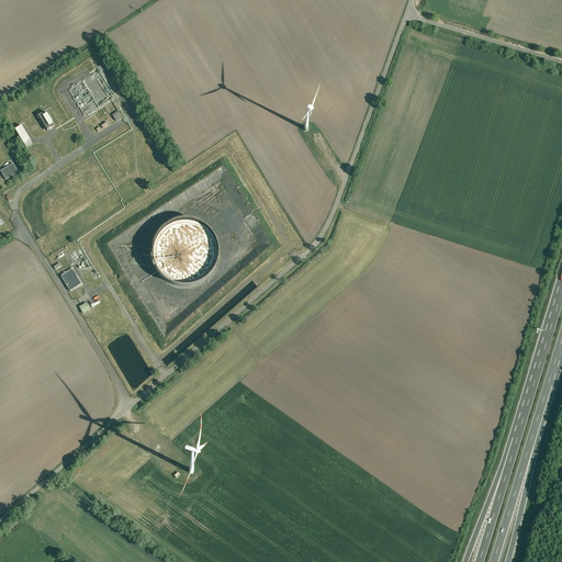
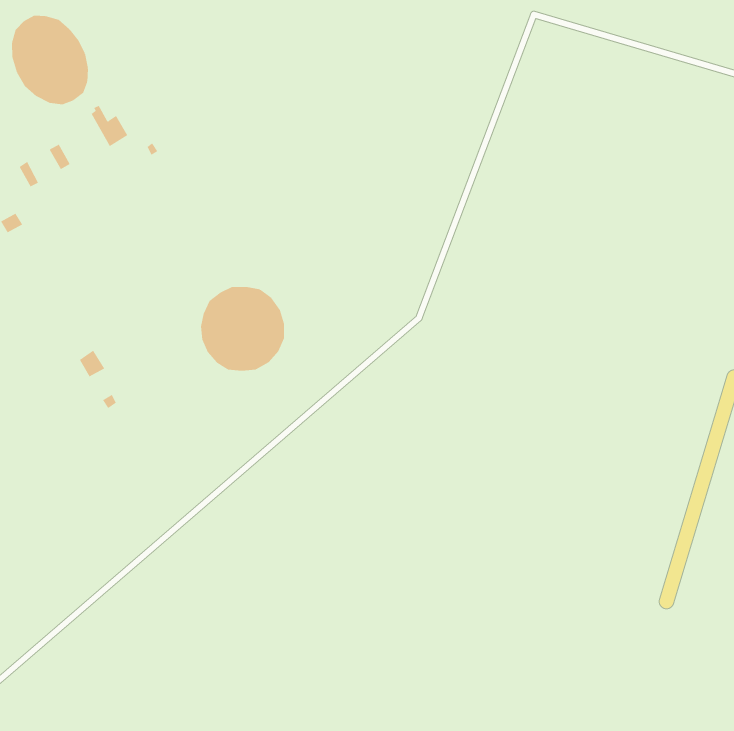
building: none -> [12,15,88,105]

